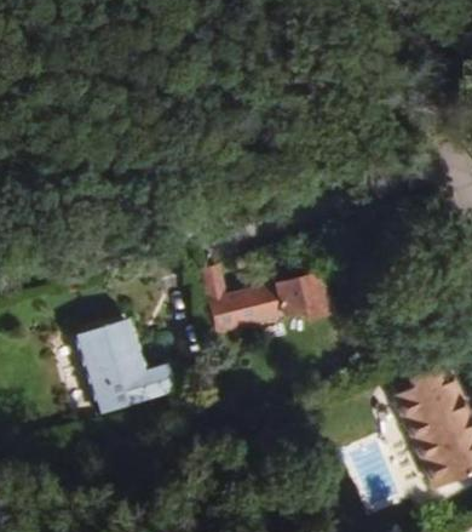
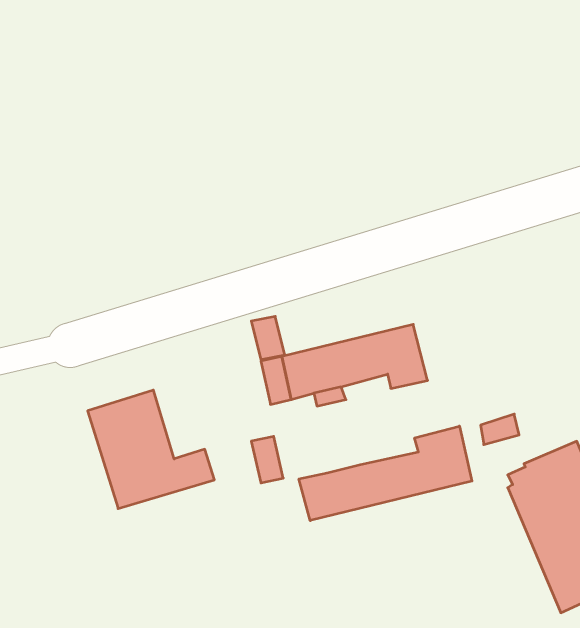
building: none -> [299,426,472,521]

